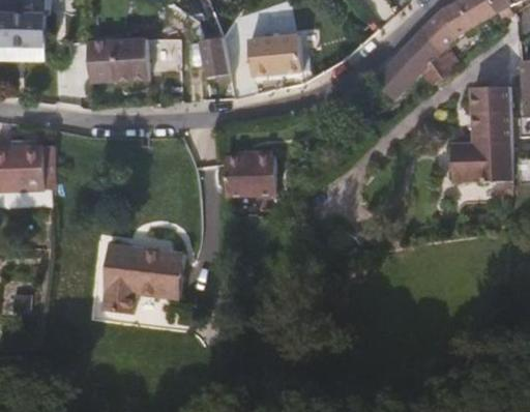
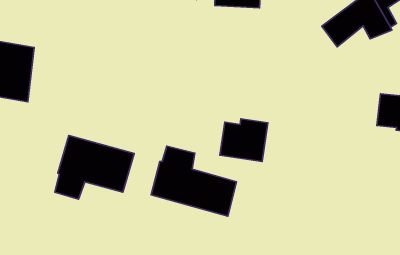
building: [222,150,270,195] -> [220,119,268,162]
building: none -> [151,146,236,216]

